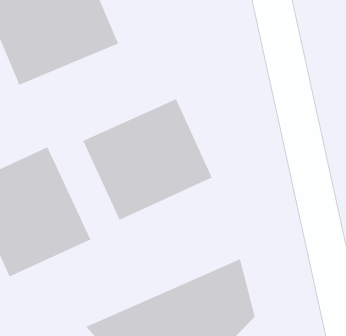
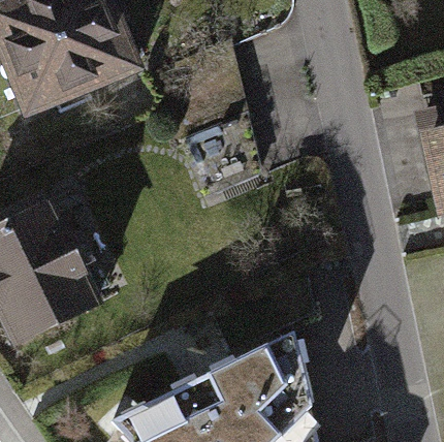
building: [82,98,213,221] -> none

